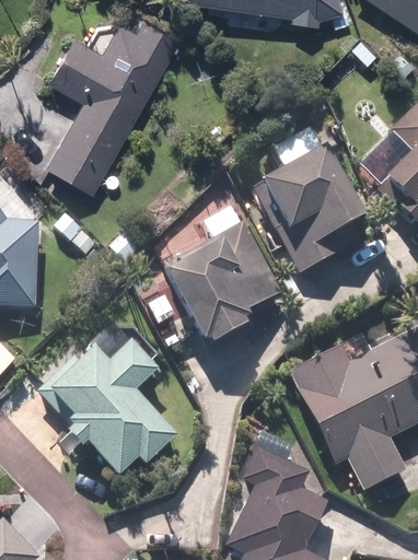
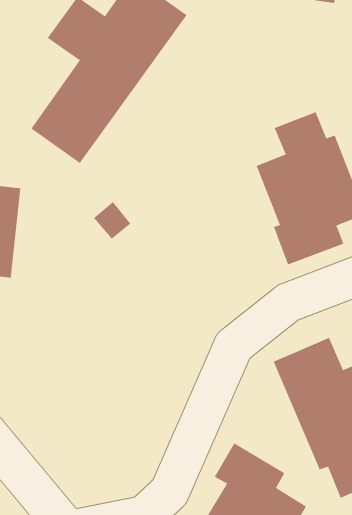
building: [161,207,280,349] -> none
building: [39,342,174,476] -> none

